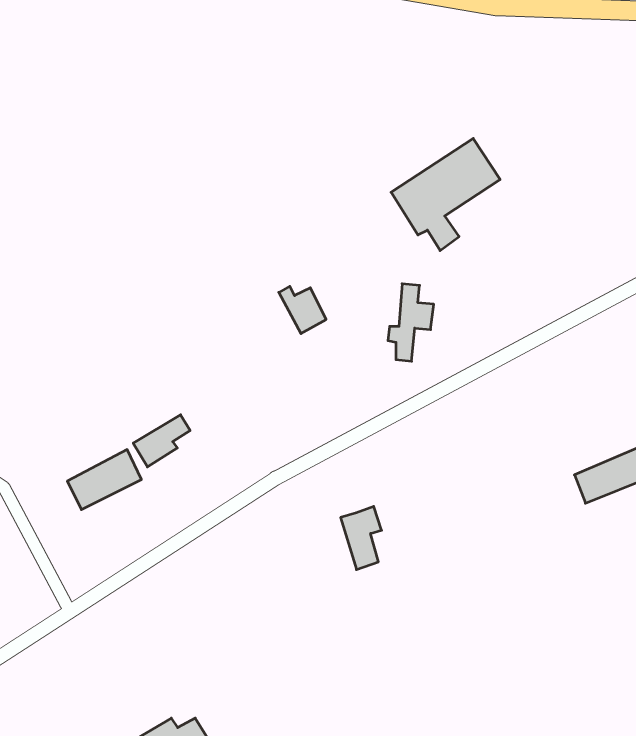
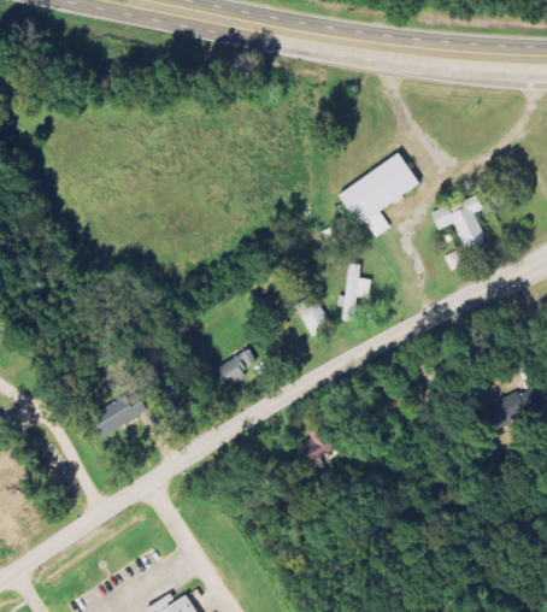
building: none -> [431,194,486,252]
building: [279,286,326,334] -> [294,302,330,339]
building: [133,415,190,467] -> [211,349,254,389]

